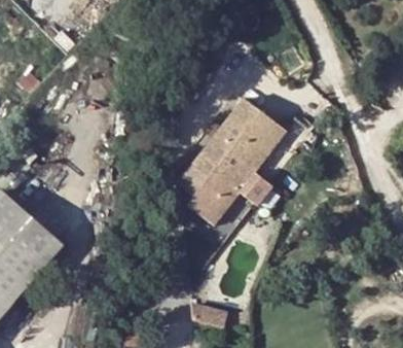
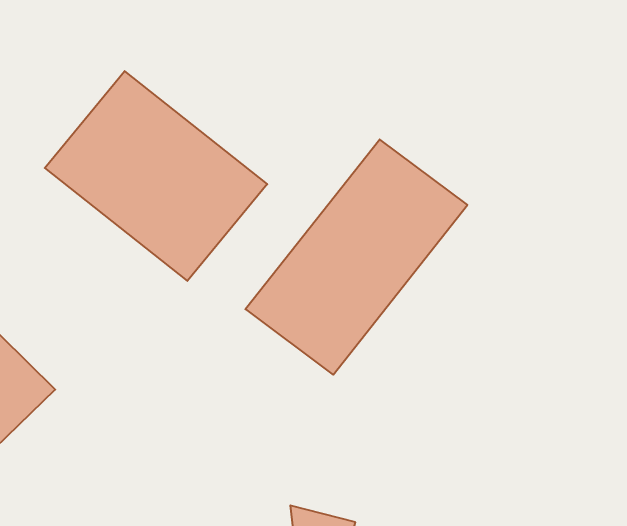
building: none -> [45,71,267,281]

